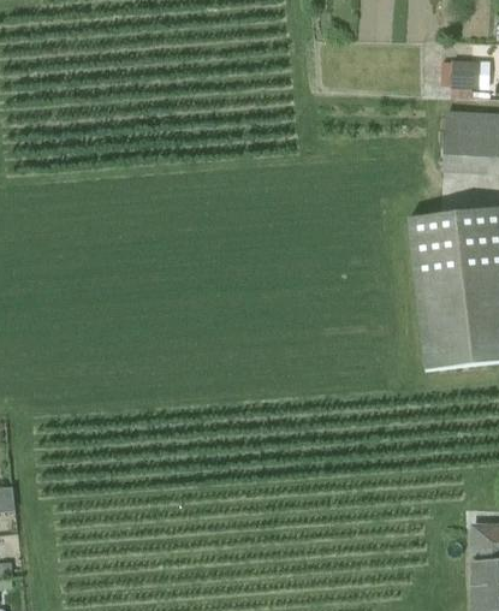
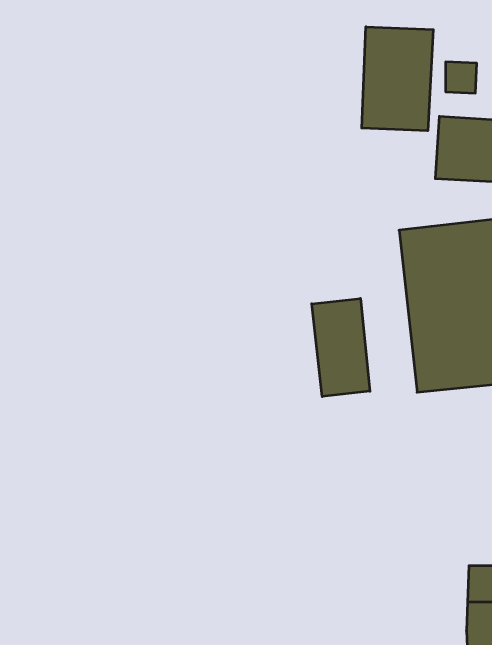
building: none -> [362,27,433,131]
building: none -> [312,298,370,397]

